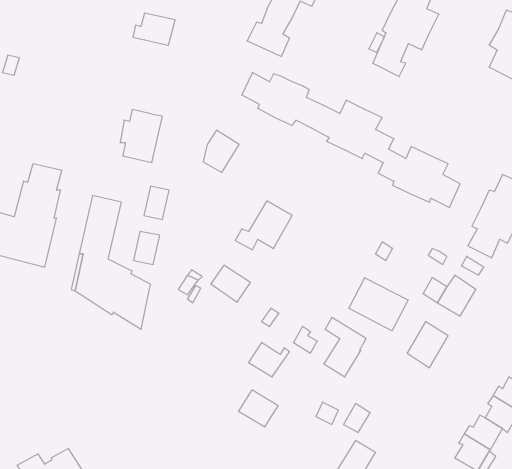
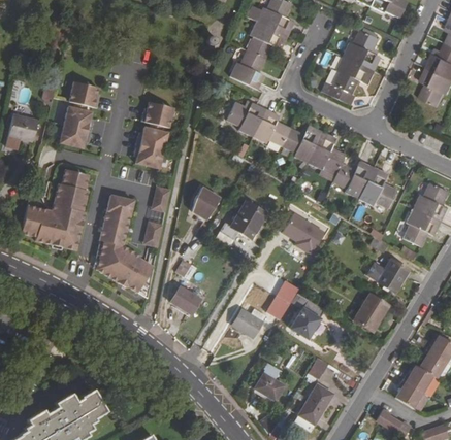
building: [133,13,175,45] -> [138,104,171,129]
building: none -> [69,83,99,110]
building: none -> [59,108,93,150]
building: [203,130,239,172] -> [192,184,220,217]
building: [211,265,250,302] -> [170,283,201,312]
building: [349,278,408,331] -> [280,213,326,255]
building: [238,390,278,427] -> [254,370,285,399]

